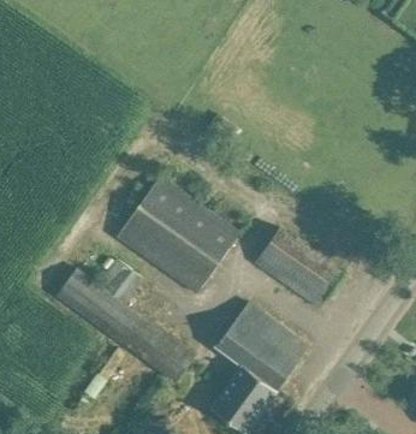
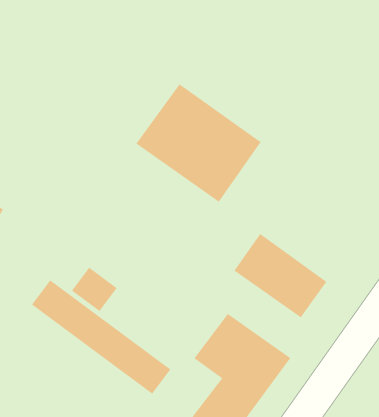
building: [115,178,237,292] -> [135,83,262,202]

